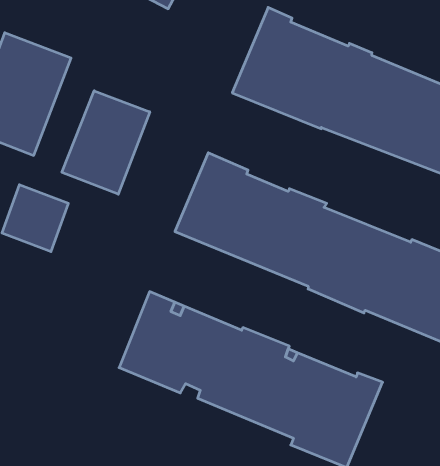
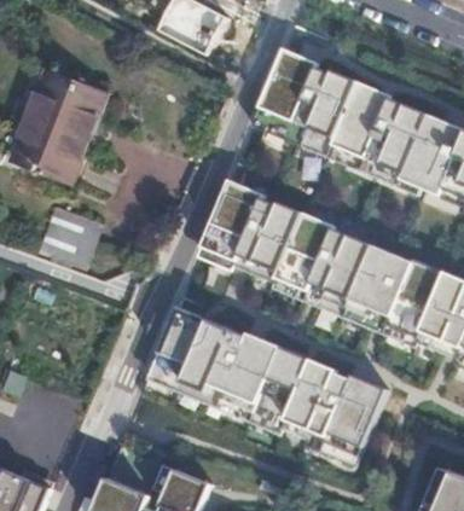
building: [62,91,150,194] -> none

